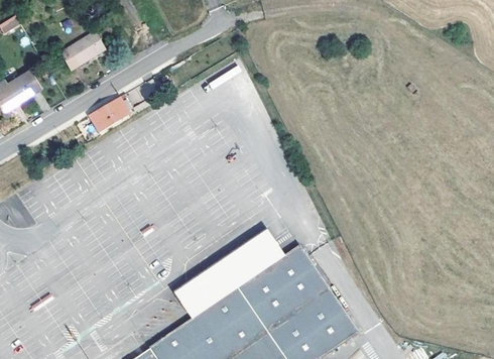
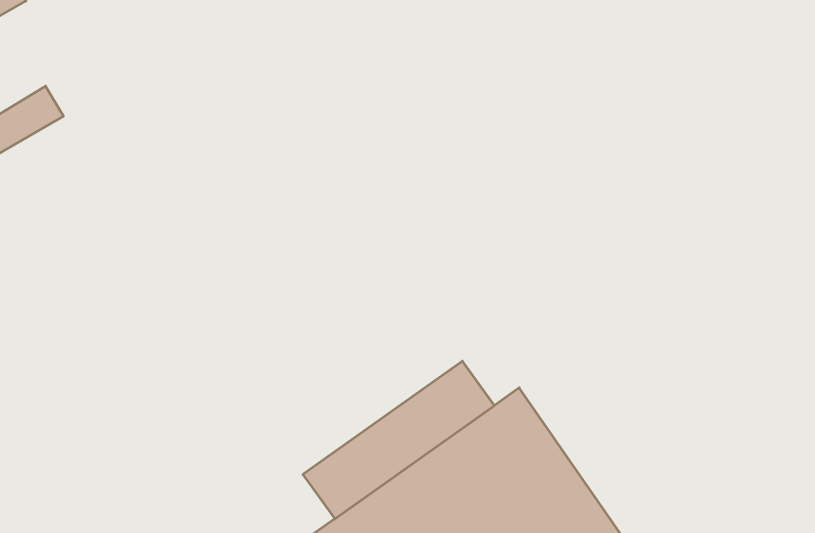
building: [57,34,103,73] -> none
building: [87,101,118,129] -> none

